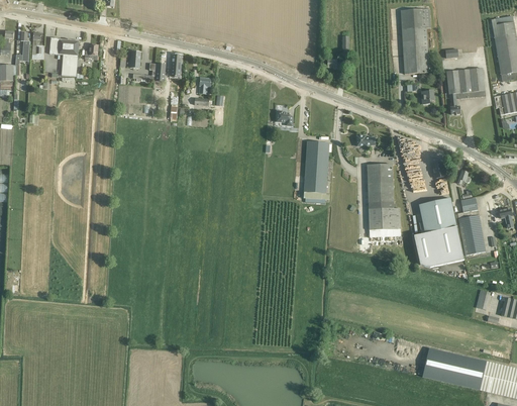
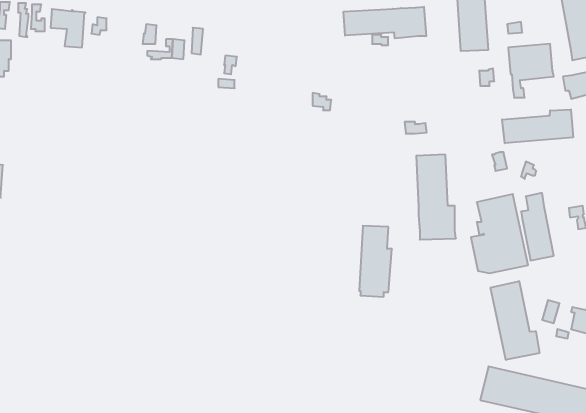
building: none -> [344,7,426,38]
building: none -> [502,109,573,143]
building: [303,140,331,202] -> [359,226,392,297]
building: none -> [491,281,539,360]

